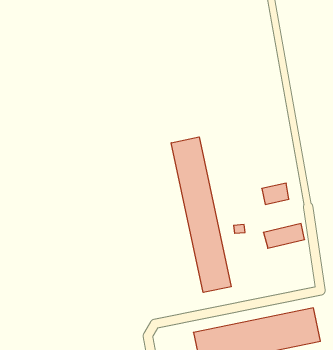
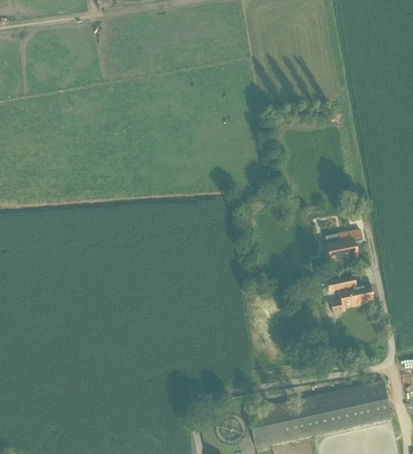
building: [171,137,231,292] -> none

